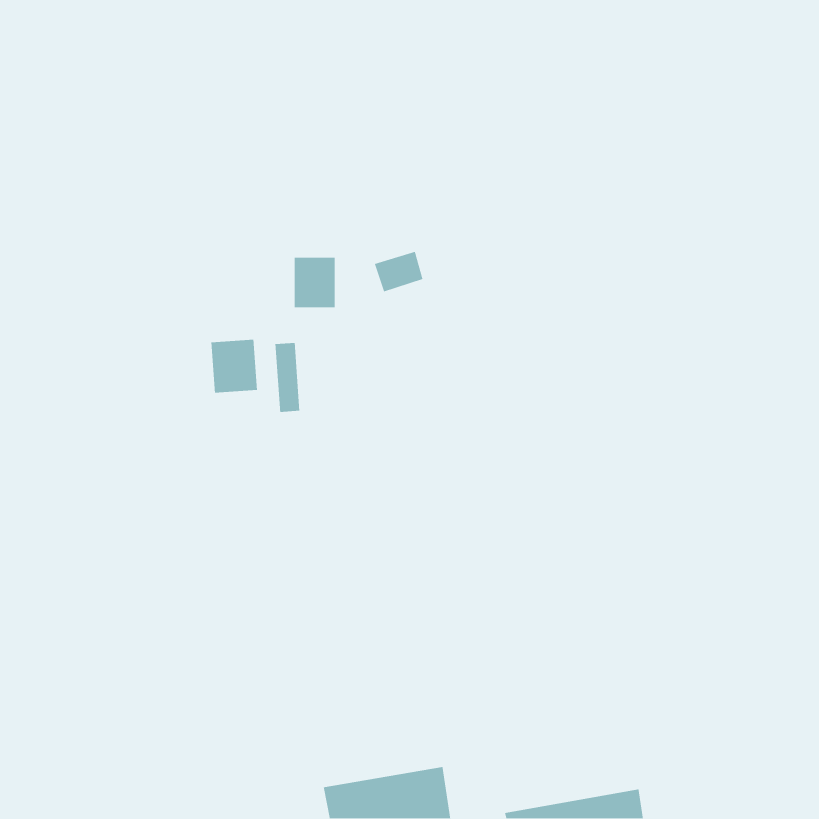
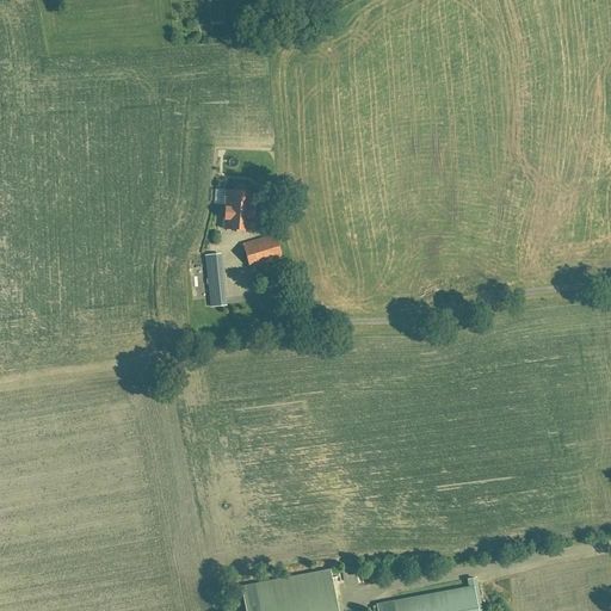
building: [374,251,424,293] -> [245,237,282,269]
building: [211,339,258,394] -> none

